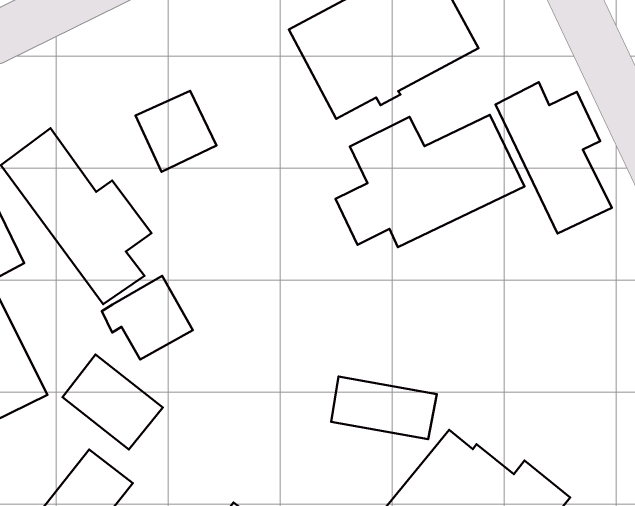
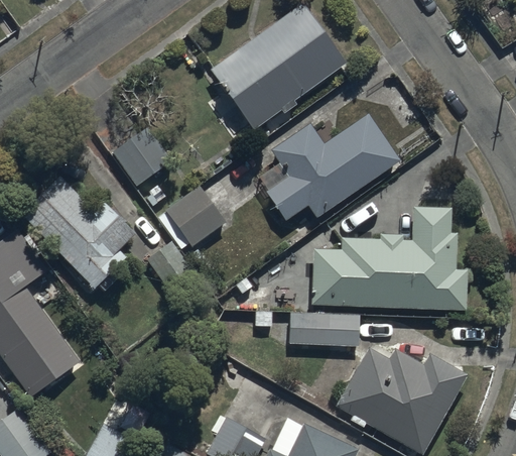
building: [496,82,612,234] -> none
building: none -> [311,208,469,311]
building: [102,276,193,359] -> [159,186,227,248]
building: [63,354,163,450] -> none

